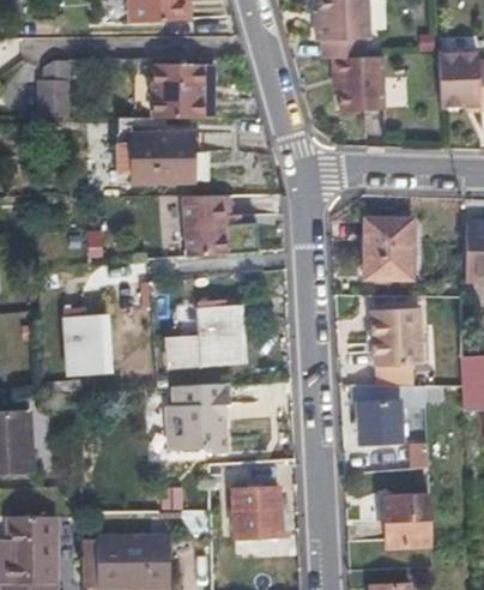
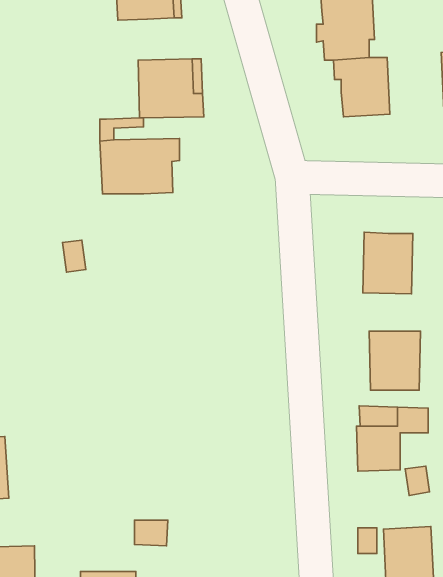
building: [42,60,73,119] -> none
building: [187,197,231,257] -> none
building: [170,311,243,368] -> none
building: [66,317,109,373] -> none
building: [164,381,230,453] -> none
building: [235,487,280,536] -> none

